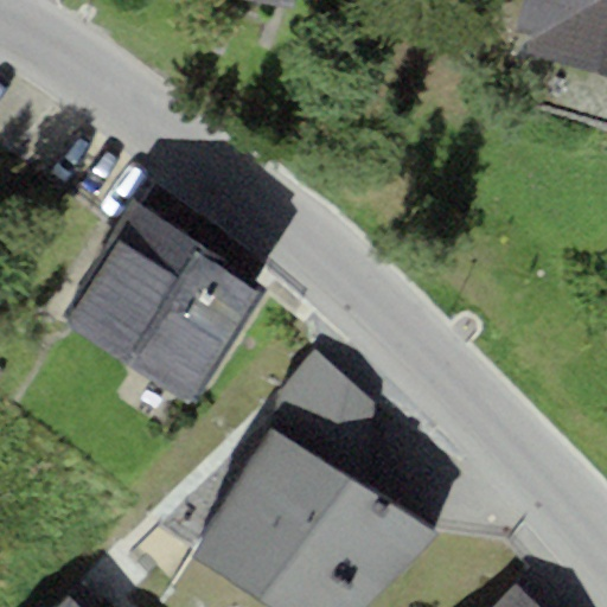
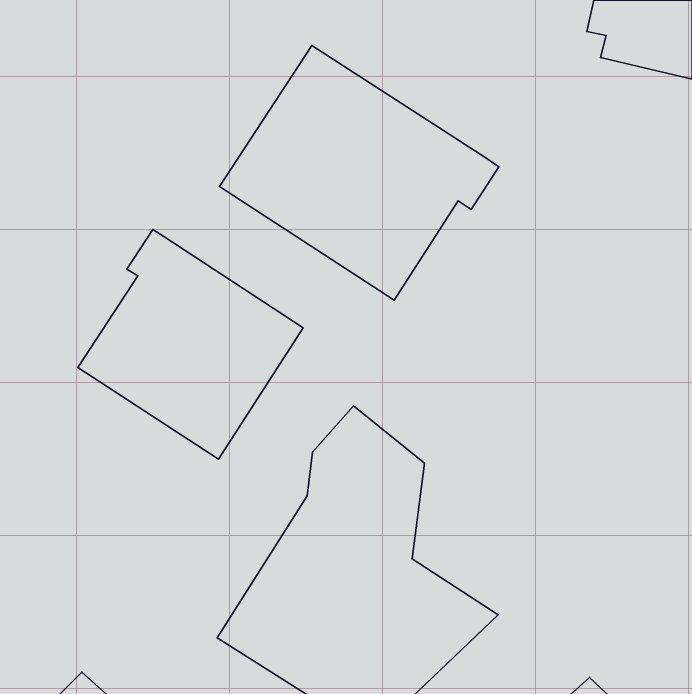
building: none -> [220,46,499,300]

